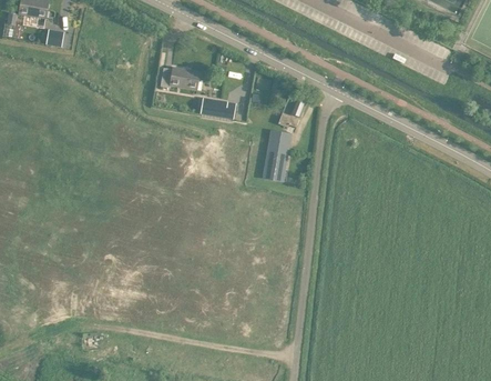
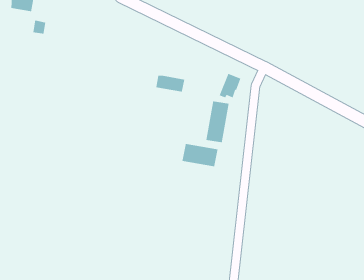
building: [162,67,201,90] -> none
building: none -> [182,143,218,167]

